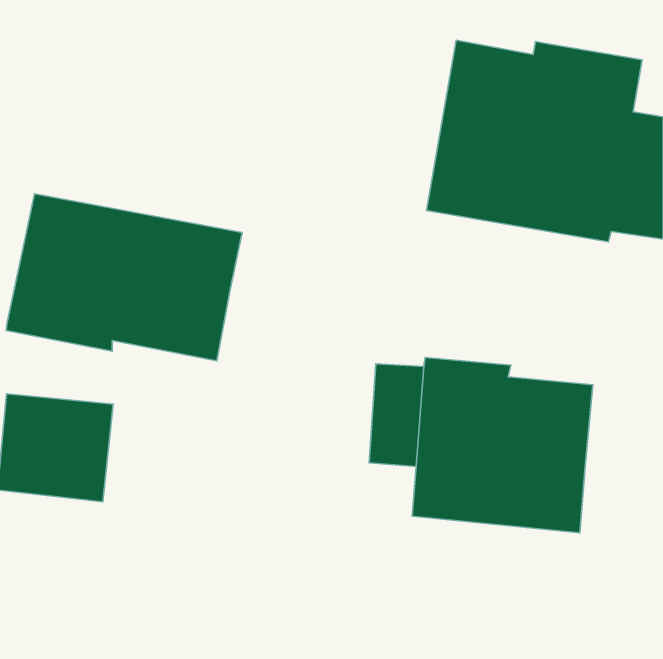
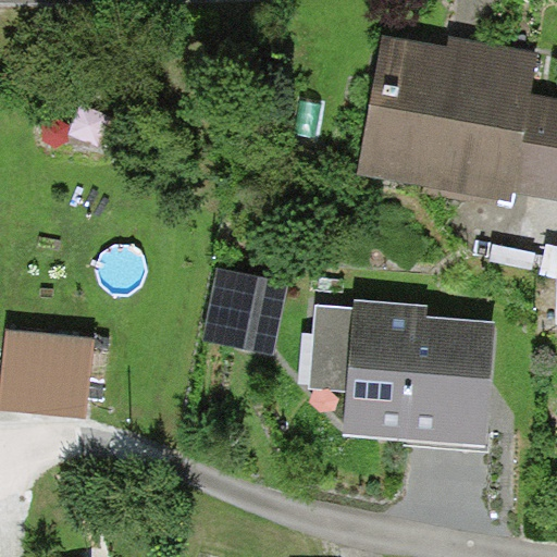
building: [6,194,242,361] -> none
building: none -> [202,269,287,355]

